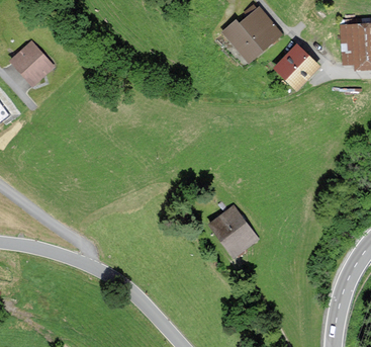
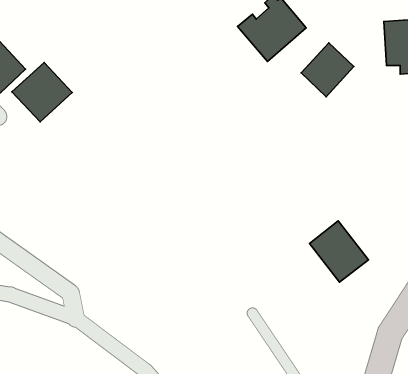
building: none -> [12,62,72,122]
building: [209,206,257,256] -> [309,221,368,282]

